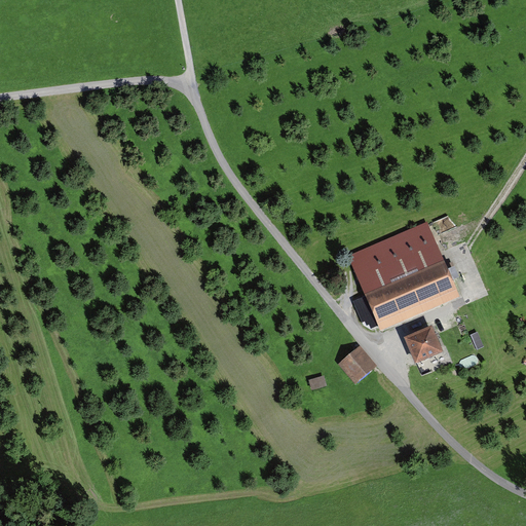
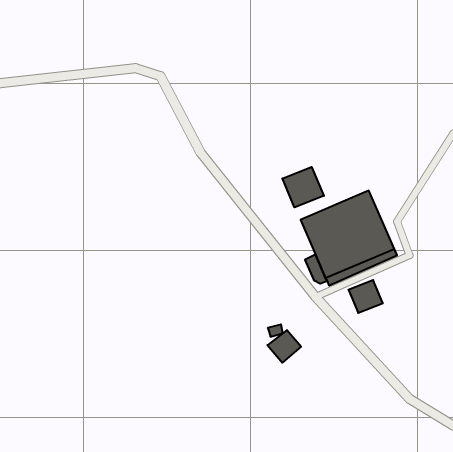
building: none -> [282,167,324,207]
building: [338,345,377,383] -> [267,330,301,363]

